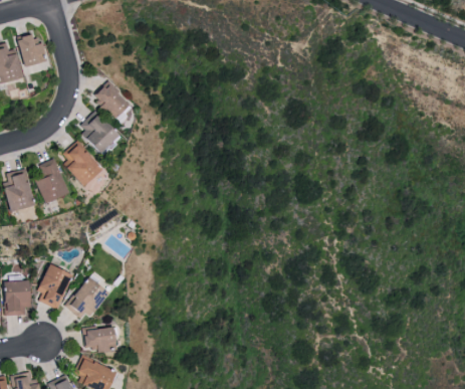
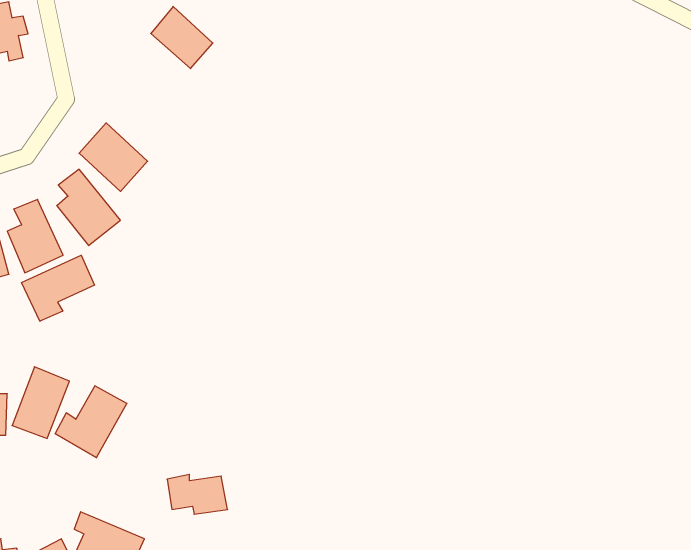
building: [93,80,133,120] -> [151,6,213,69]
building: none -> [21,255,95,321]
building: [81,325,120,350] -> [167,474,228,514]

